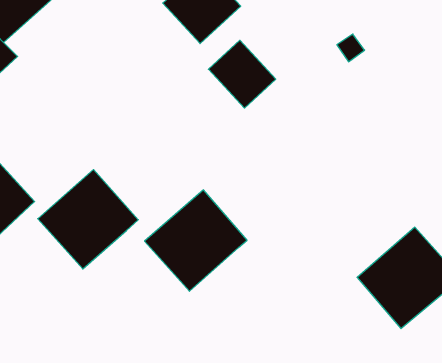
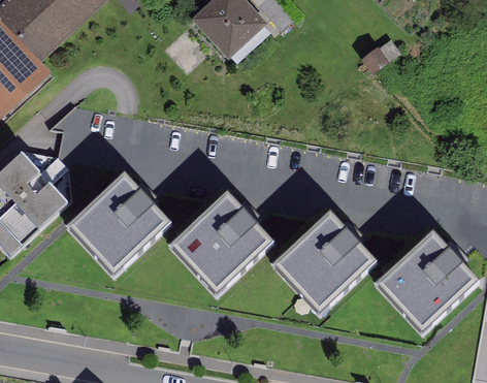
building: [208,40,276,108] -> none
building: none -> [275,214,376,314]

